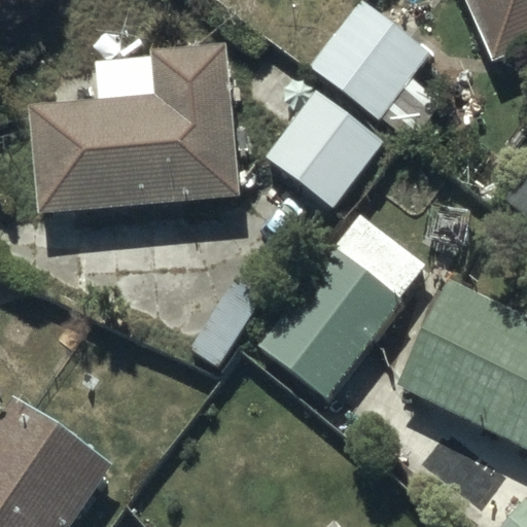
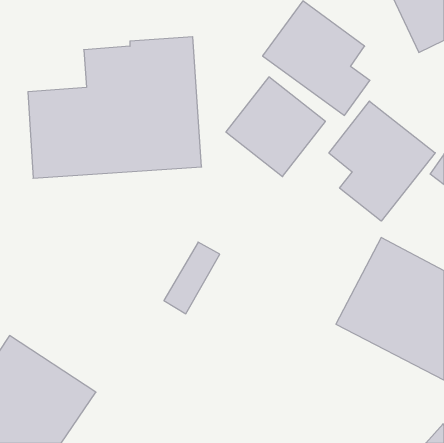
building: none -> [329,101,435,221]
building: [261,215,425,399] -> none

